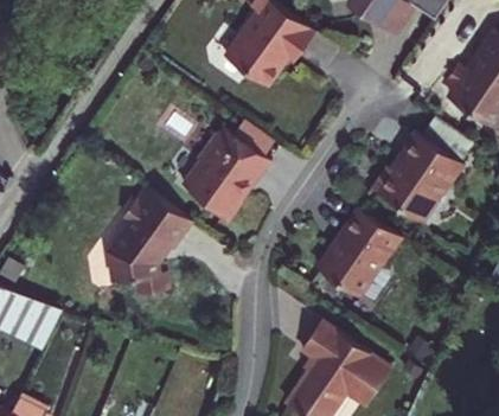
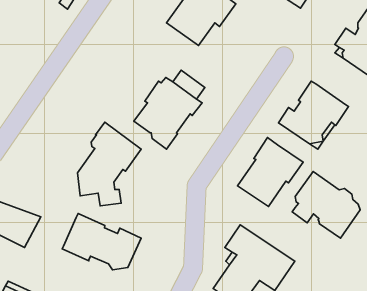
building: [418,119,471,165] -> none
building: none -> [292,171,360,238]
building: none -> [62,213,141,270]

